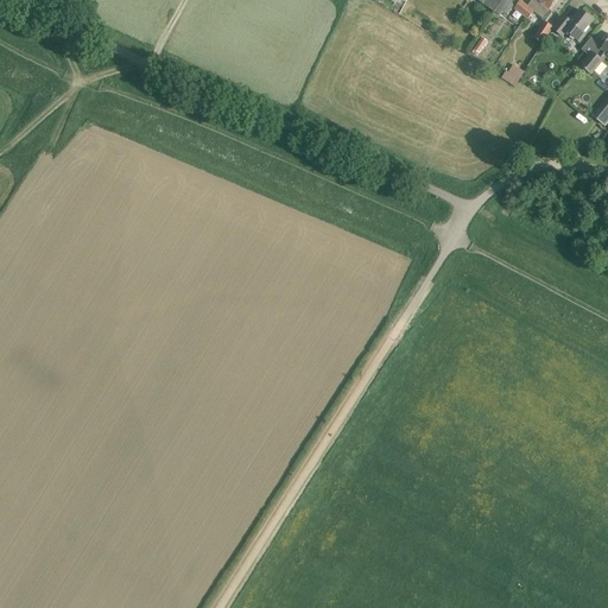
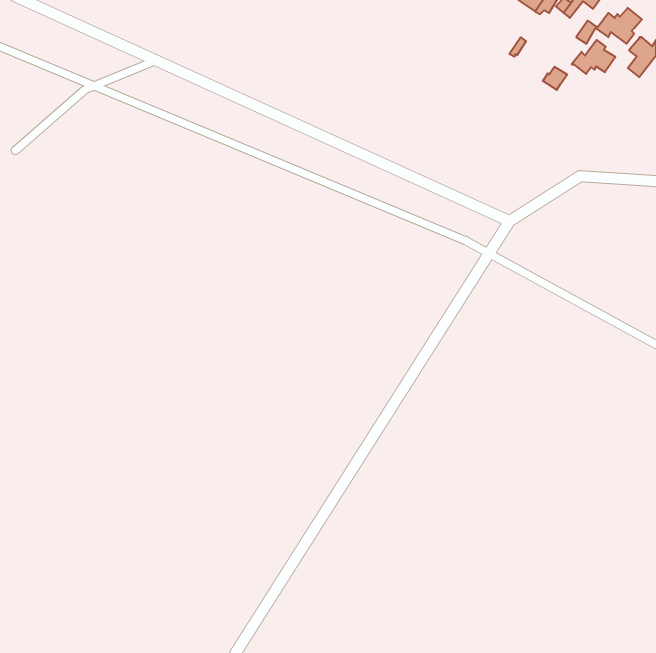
building: none -> [572,40,615,74]

